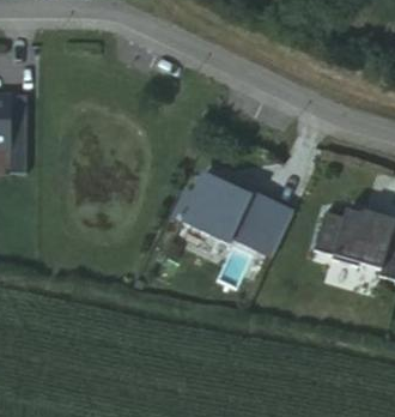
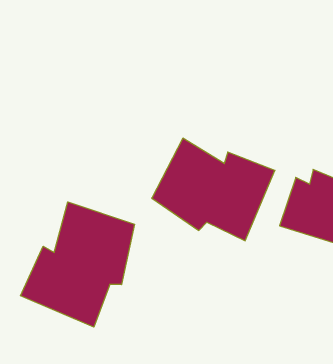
building: none -> [20,202,135,327]

